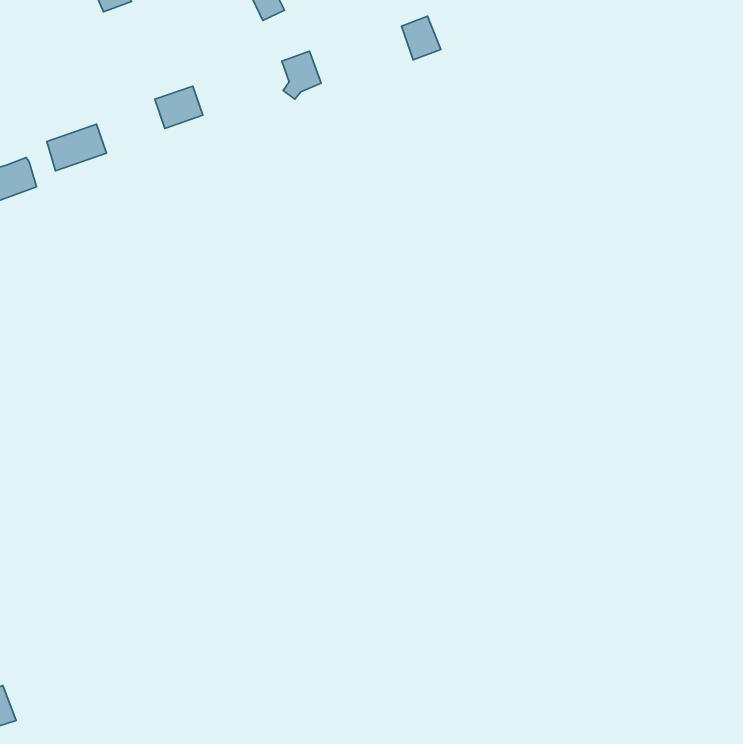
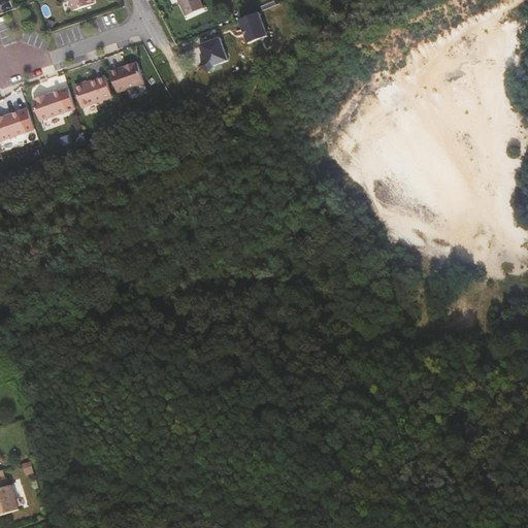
building: [401,16,441,60] -> [239,11,267,42]
building: none -> [74,75,112,107]

